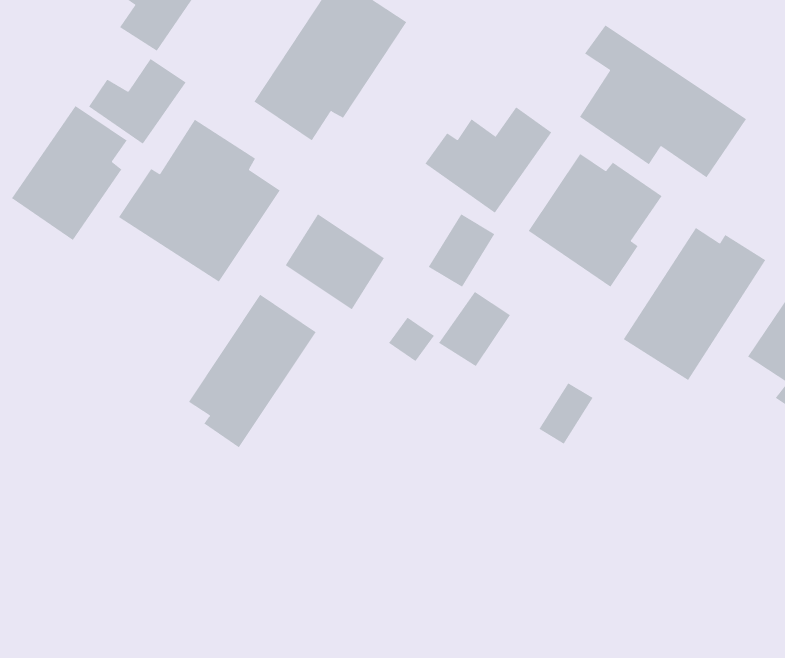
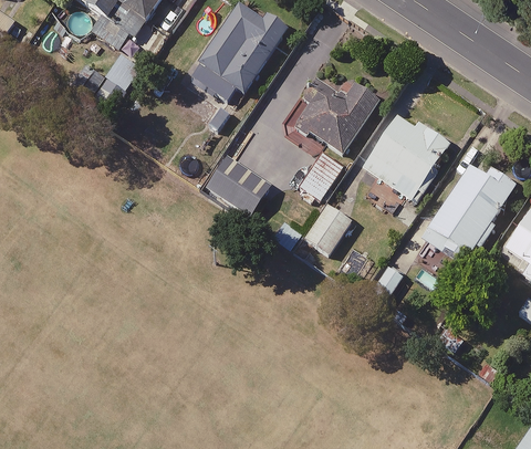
building: [579,25,747,178] -> none
building: [11,105,128,241] -> none
building: [118,119,281,283] -> none
building: [188,294,316,448] -> none

